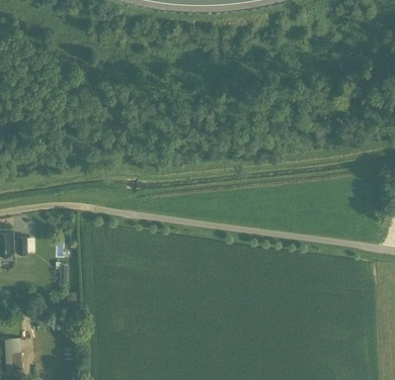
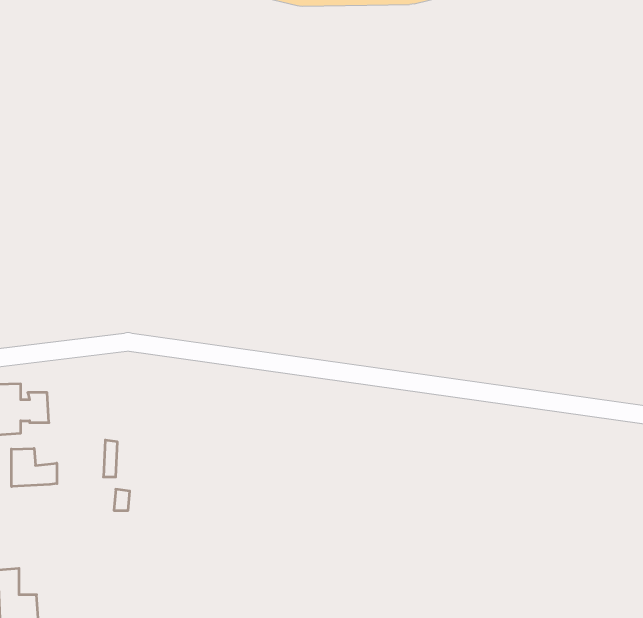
building: none -> [11,448,57,487]

